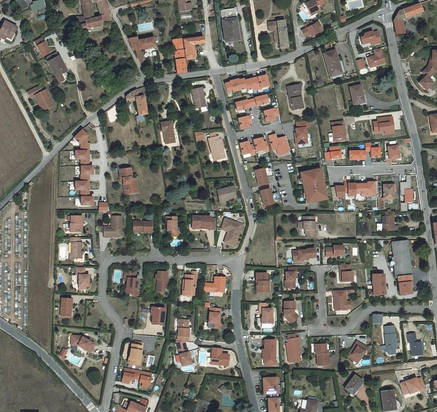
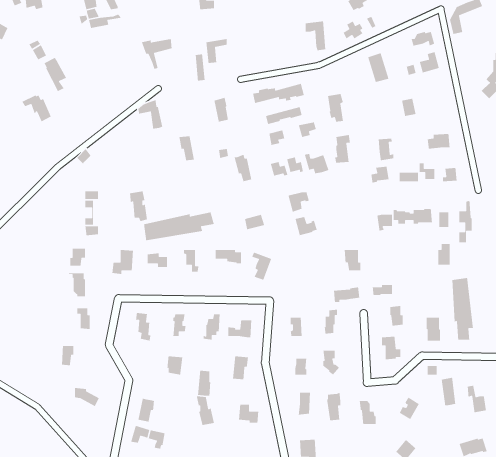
building: [220,9,238,42] -> none
building: [300,168,326,203] -> none
building: none -> [143,211,215,241]

